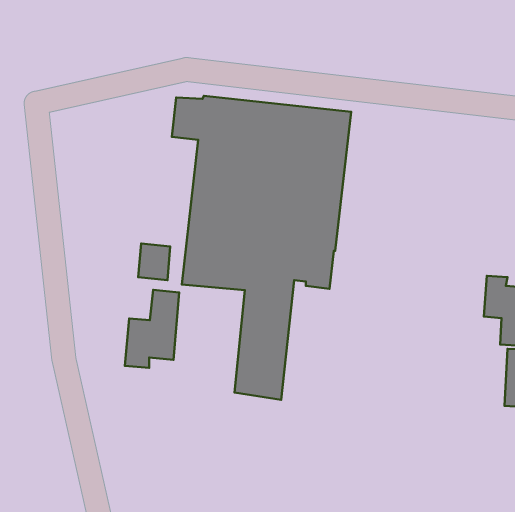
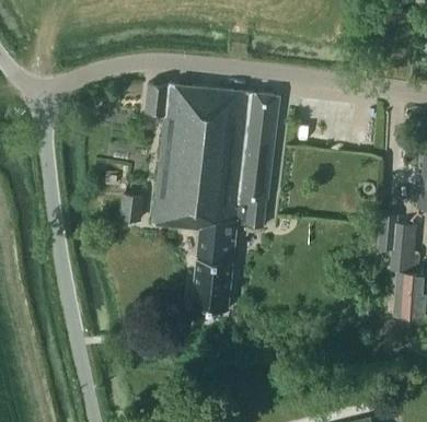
building: [125,290,179,368] -> none

